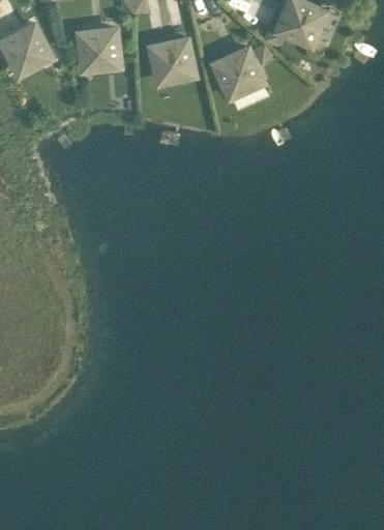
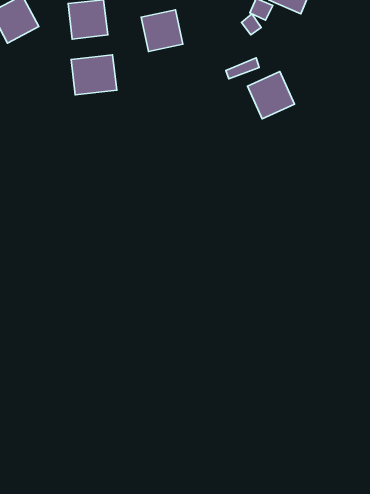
building: [213,47,260,93] -> [247,72,294,119]
building: none -> [71,55,117,95]

